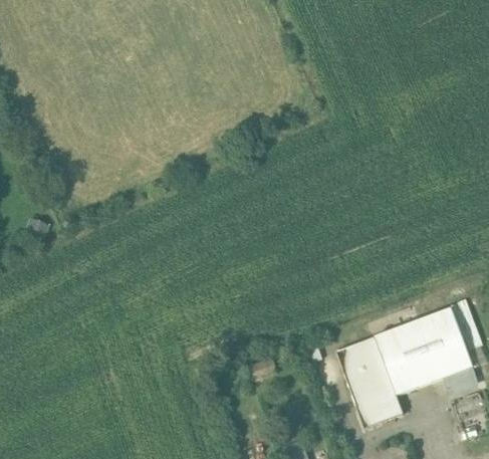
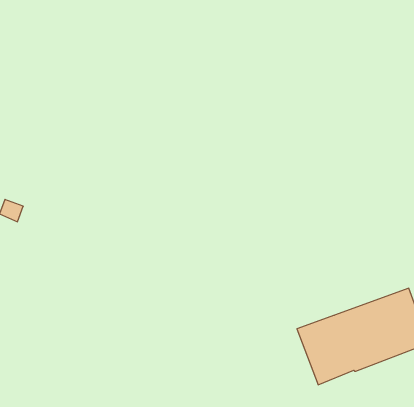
building: [359,393,406,427] -> none

